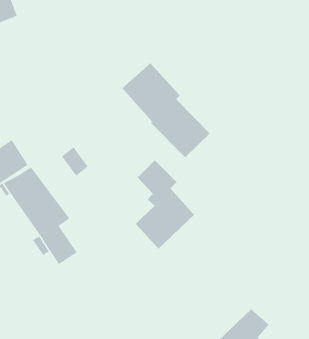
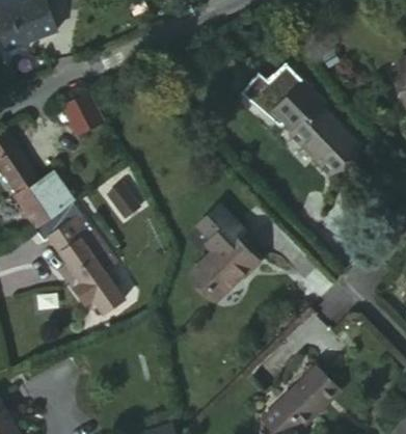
building: [122,63,211,158] -> [255,61,357,170]
building: none -> [59,96,99,136]

